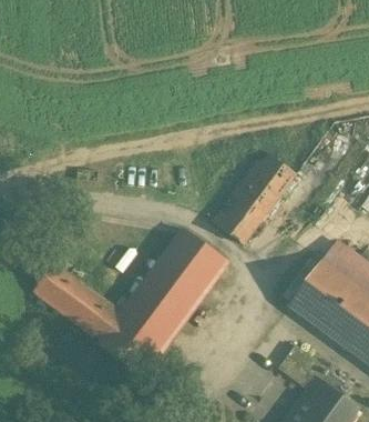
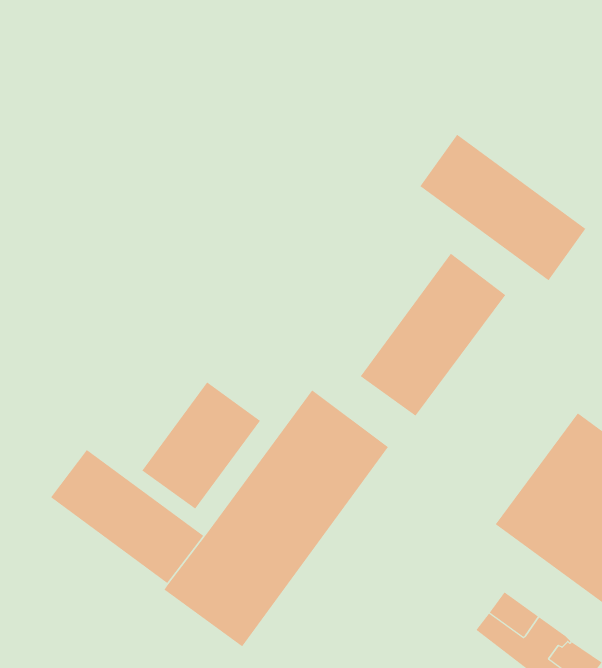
building: none -> [419,134,586,281]
building: none -> [141,382,261,510]

